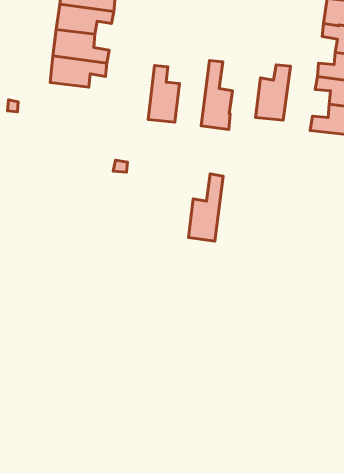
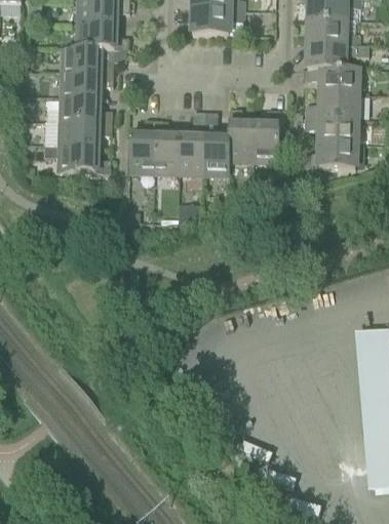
building: none -> [228,108,254,159]
building: none -> [128,119,155,170]
building: none -> [43,145,110,172]
building: [188,174,223,241] -> [179,110,205,171]

